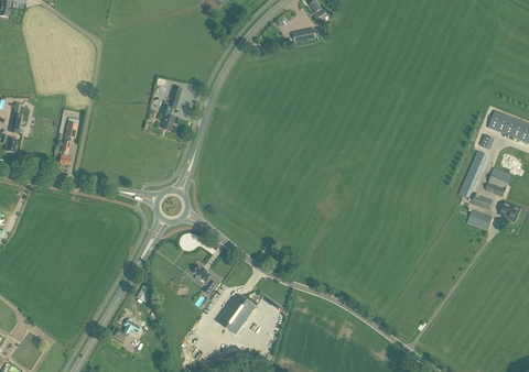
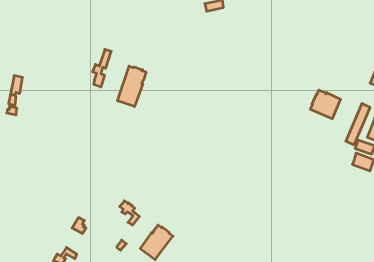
building: none -> [118,66,146,107]
building: none -> [311,90,341,119]

